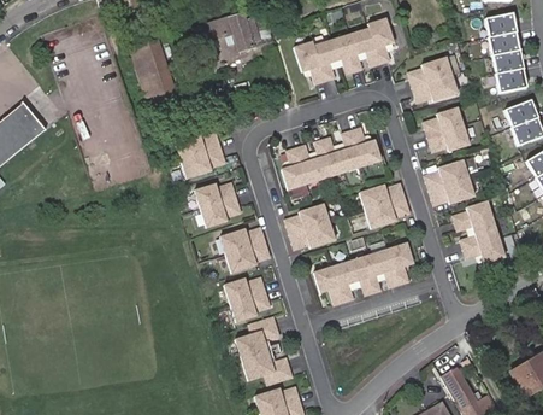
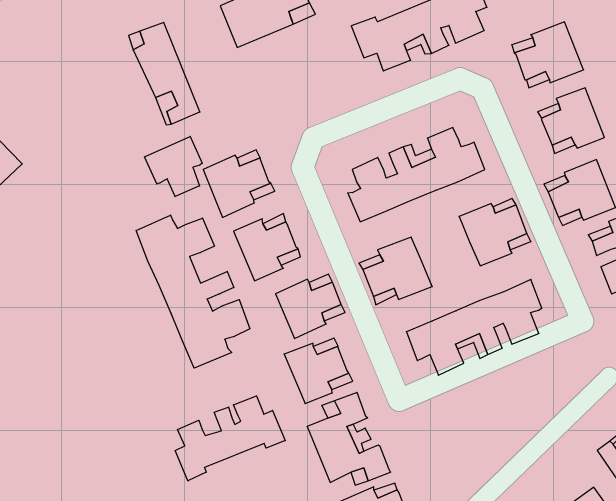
building: none -> [145,136,202,197]
building: none -> [136,215,250,368]
building: none -> [175,396,285,481]

